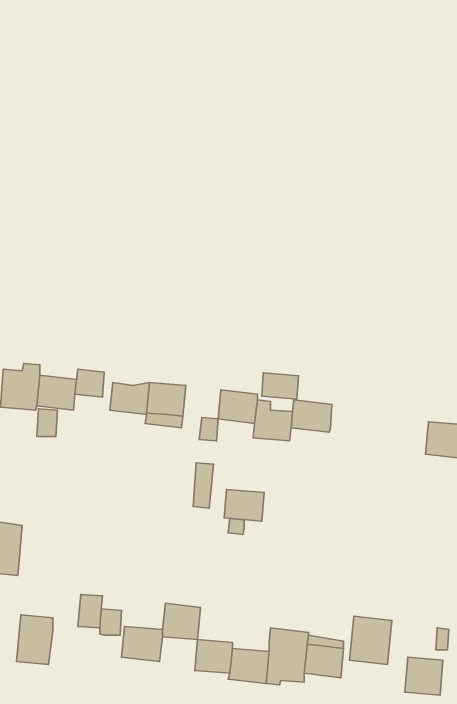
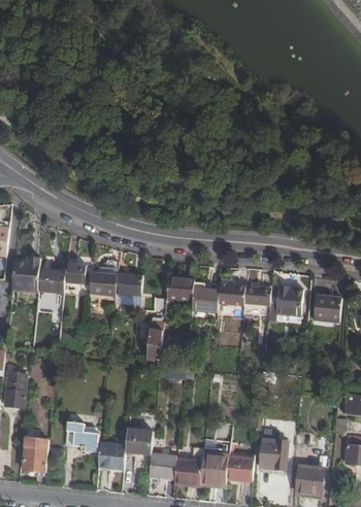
building: [262,373,298,399] -> [244,286,270,305]
building: none -> [273,292,301,325]
building: [224,489,264,521] -> none

